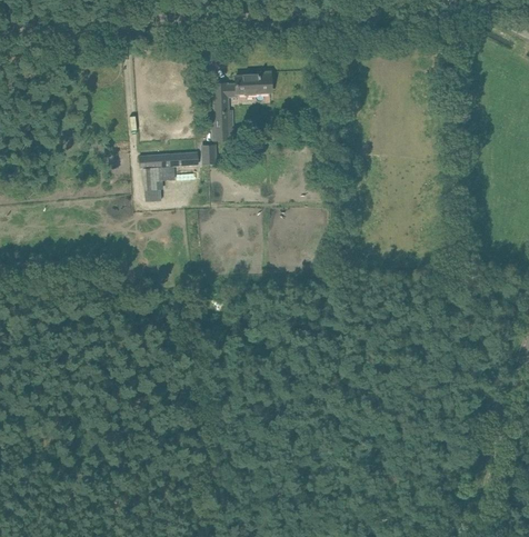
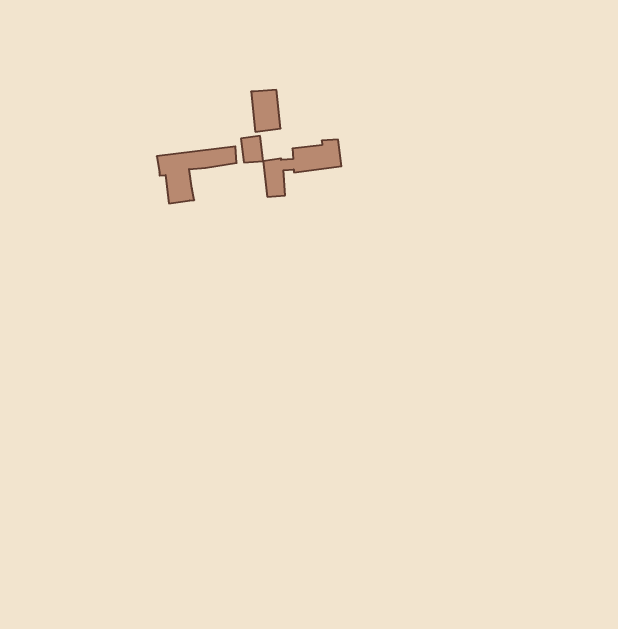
building: [216,72,273,111] -> [263,140,341,197]

